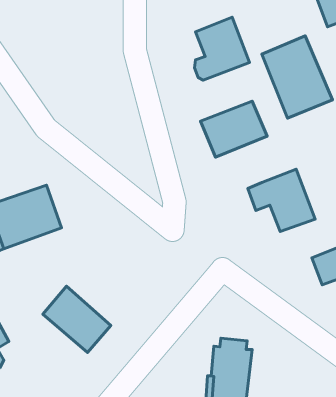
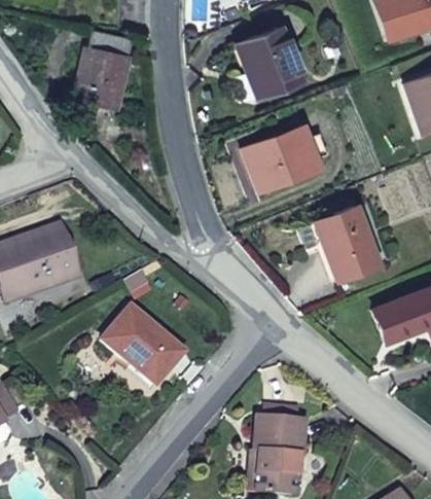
building: none -> [74,31,133,110]
building: [262,36,332,118] -> none
building: [43,286,111,353] -> [103,307,183,385]

